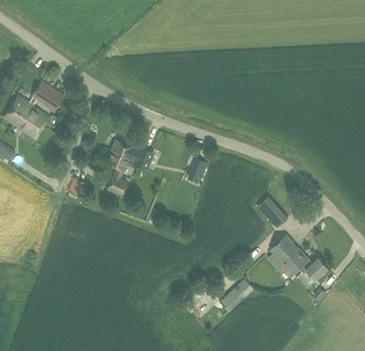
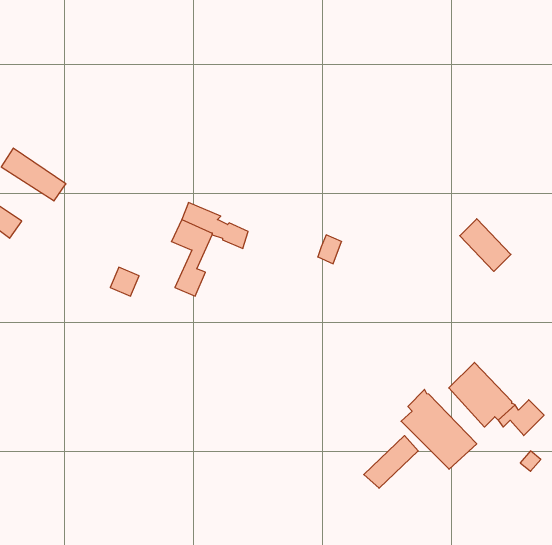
building: [9,81,63,128] -> none
building: [257,196,288,228] -> [460,219,511,271]
building: none -> [401,389,477,469]

